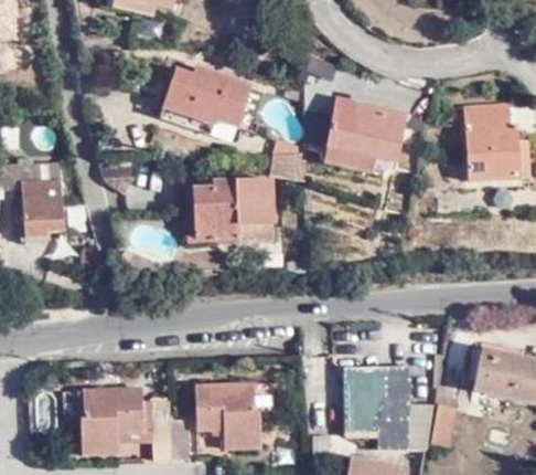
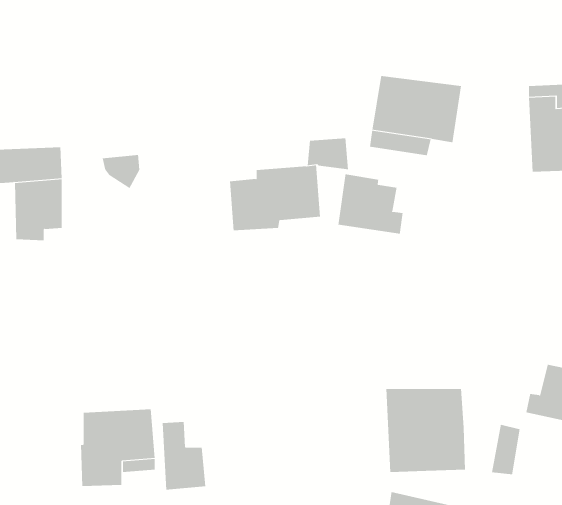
building: [157,71,253,138] -> none
building: none -> [338,174,403,235]
building: [193,381,258,446] -> none
building: [377,403,433,451] -> none

